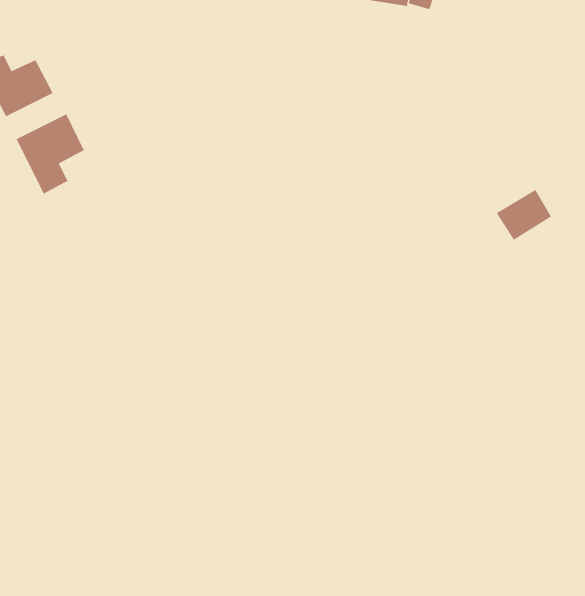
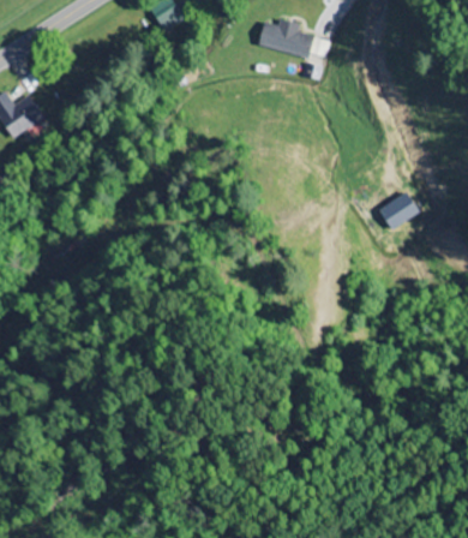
building: [16,113,84,194] -> none

